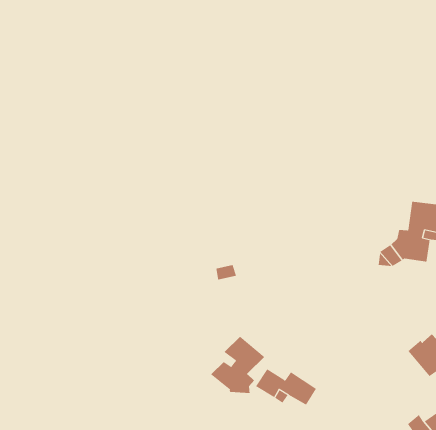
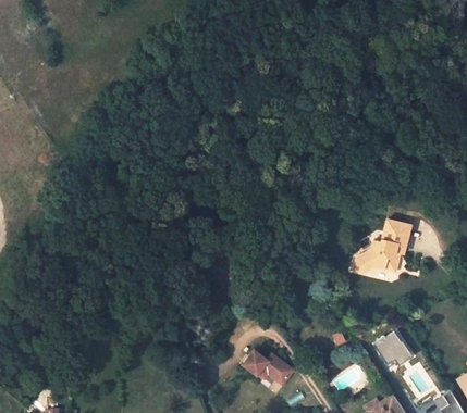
building: [210,336,265,394] -> none

